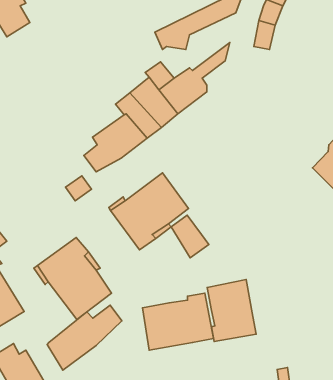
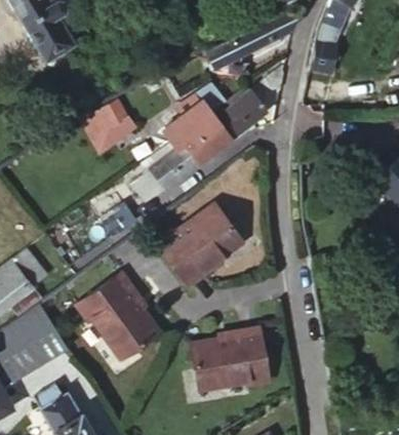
building: none -> [78,93,137,151]
building: [171,215,209,258] -> none
building: [207,280,256,342] -> none
building: [47,305,122,370] -> none

